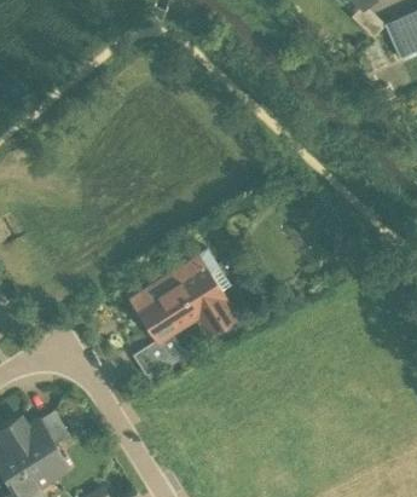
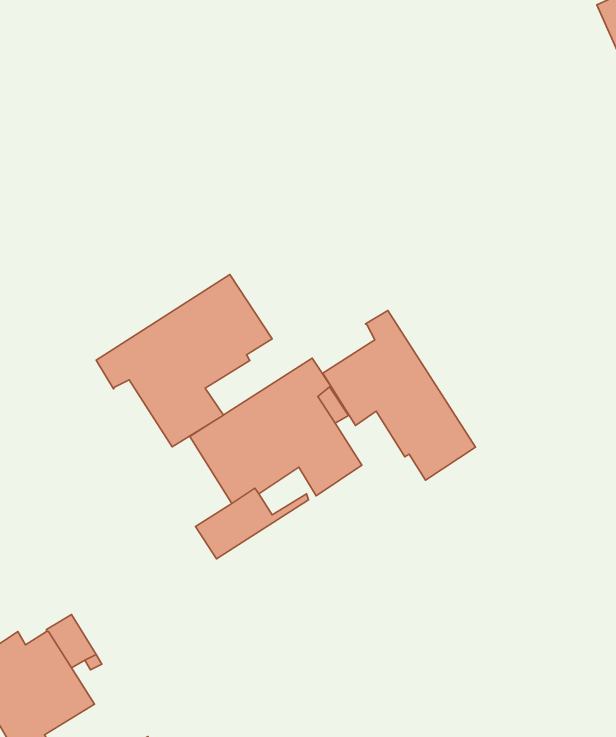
building: none -> [96,274,272,447]
building: none -> [323,310,476,480]

